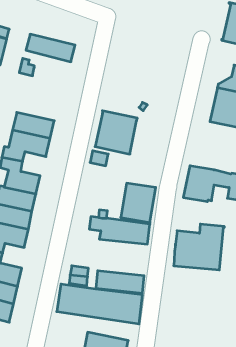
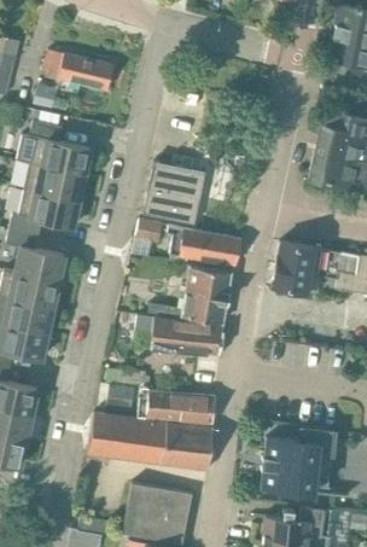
building: none -> [16,121,91,176]
building: none -> [167,226,240,266]
building: [174,224,224,270] -> [262,429,336,495]

